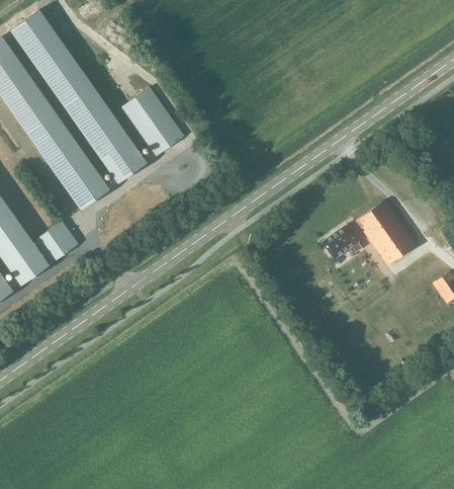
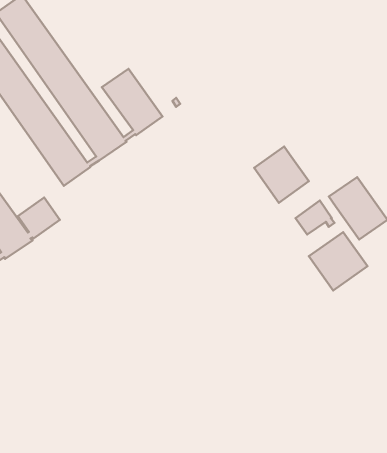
building: none -> [254,146,309,203]
building: none -> [309,232,368,290]

